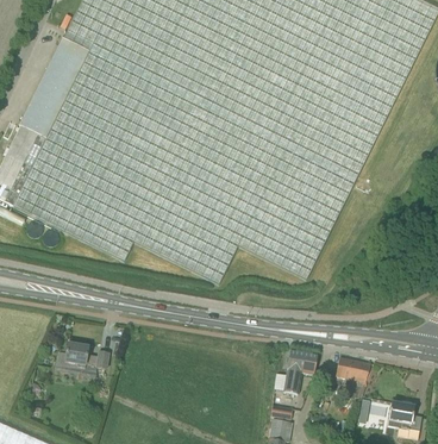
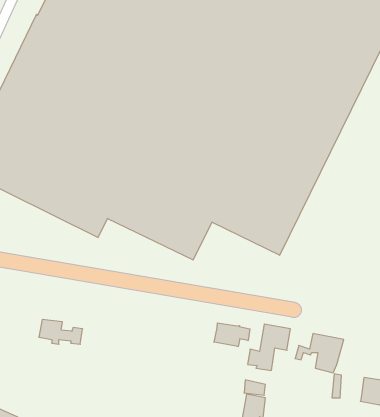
building: none -> [214,323,250,347]

